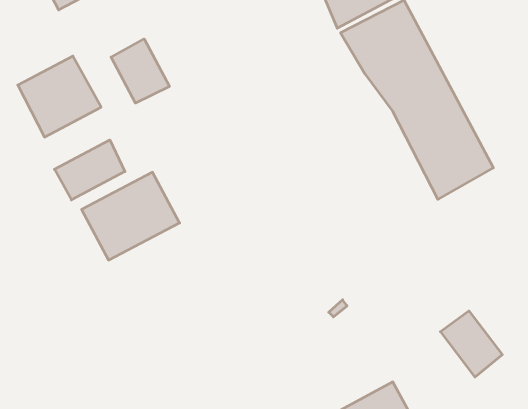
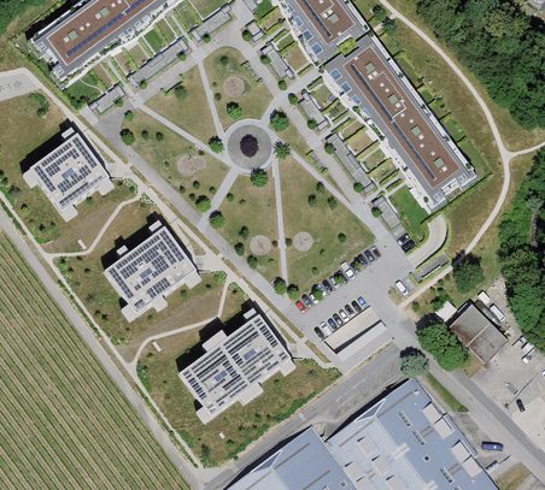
building: [111,39,169,103] -> none
building: [54,140,125,200] -> none
building: none -> [181,311,292,412]

